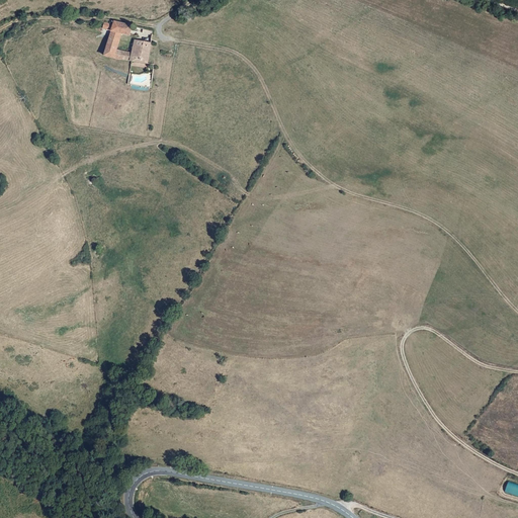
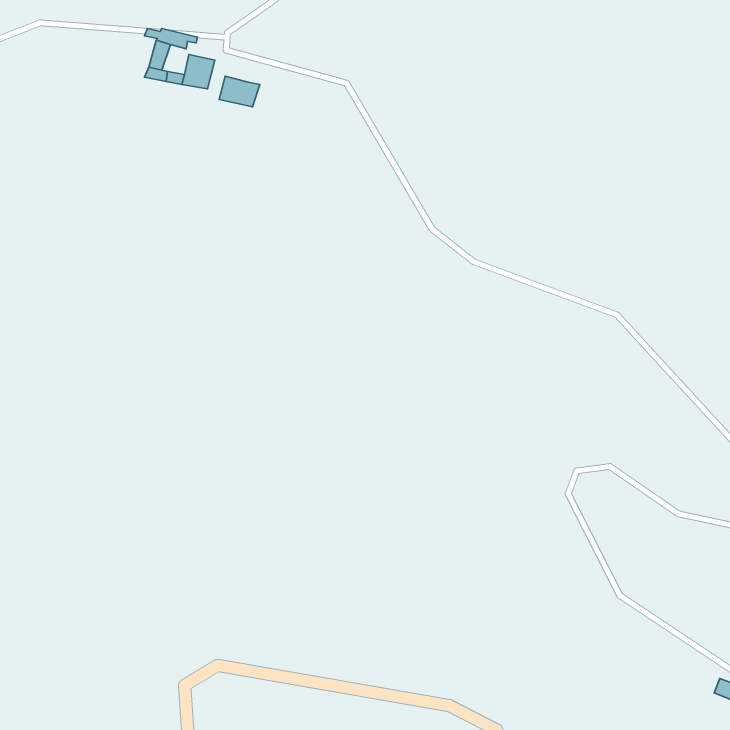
building: none -> [219,76,260,107]

